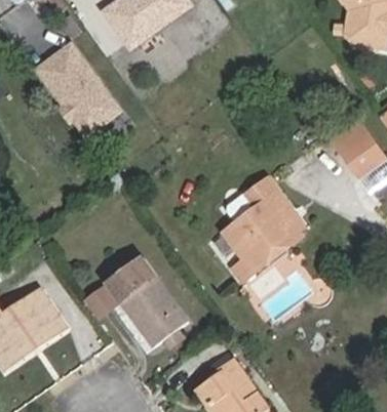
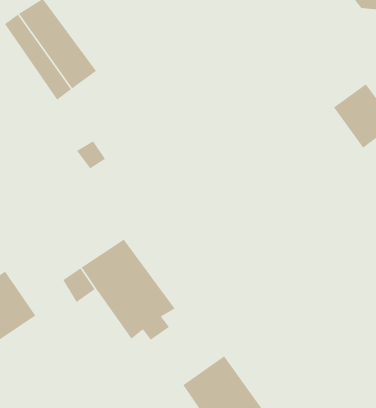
building: [221,171,309,276] -> none

